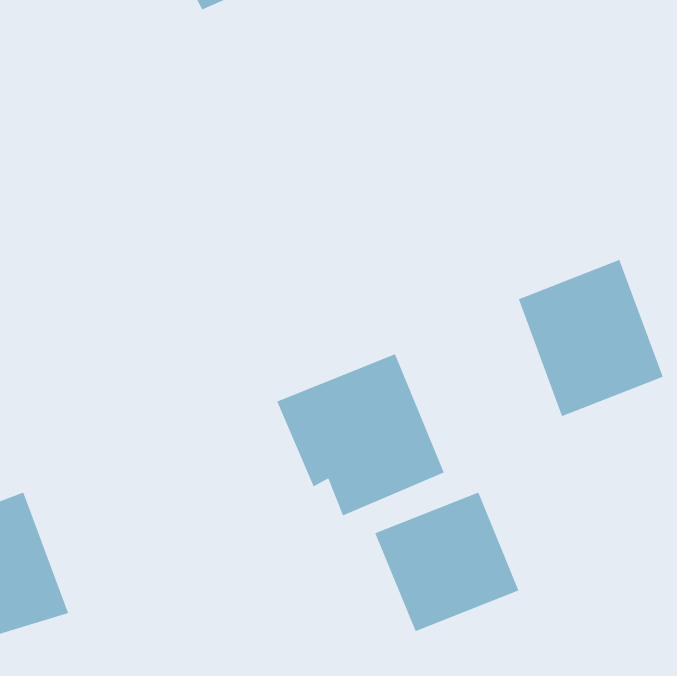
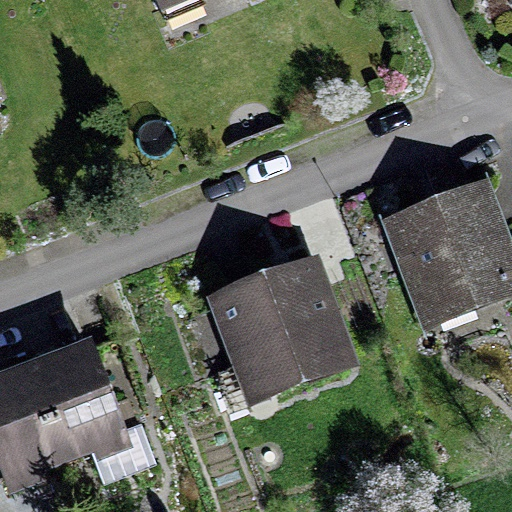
building: none -> [23,336,142,478]
building: [374,491,520,632] -> none

